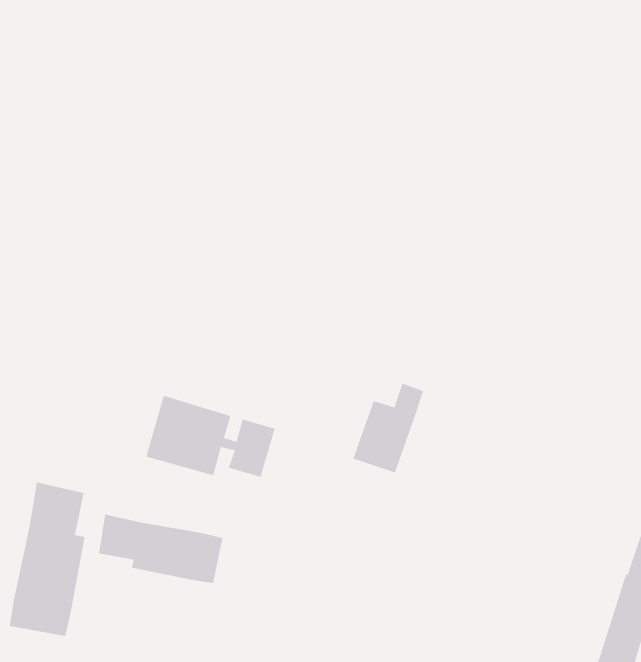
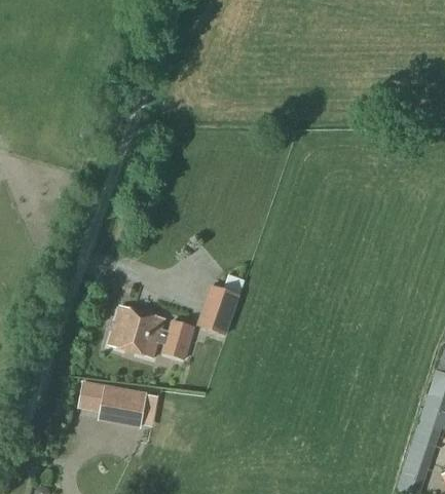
building: [353,383,424,473] -> [197,273,244,332]
building: [9,482,85,637] -> none

